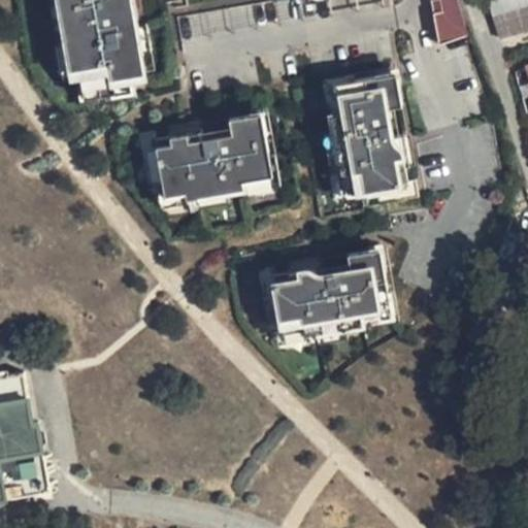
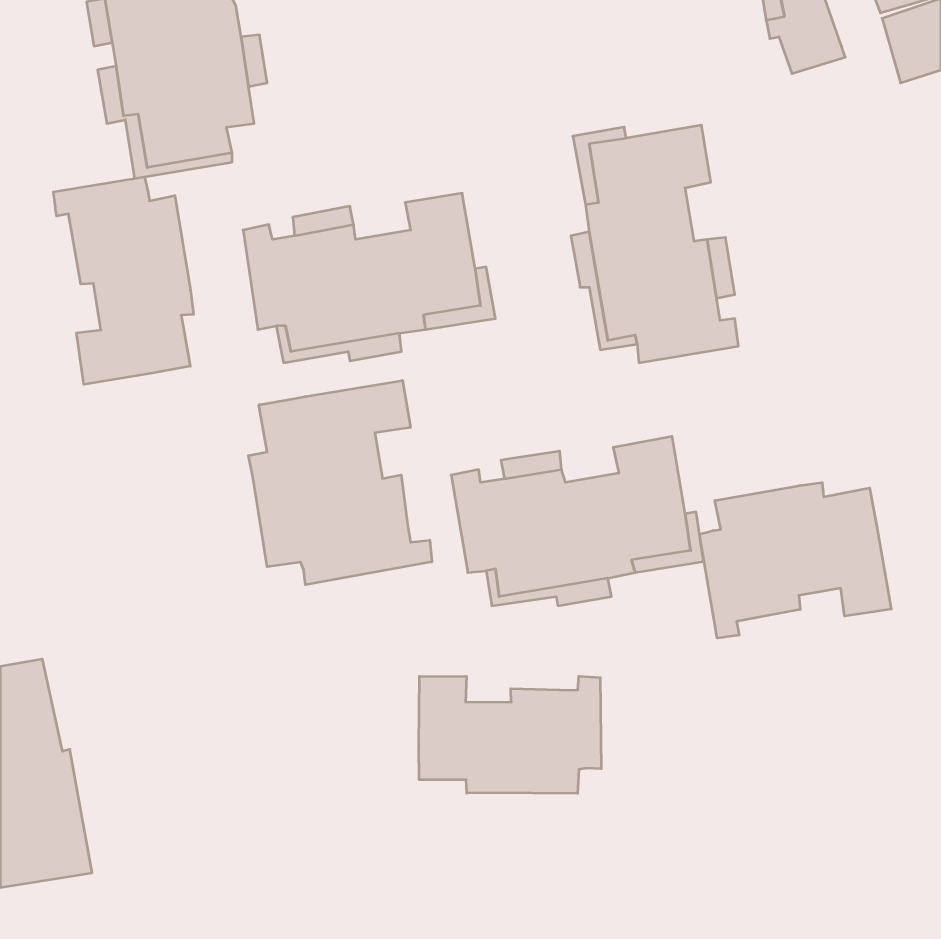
building: none -> [53,177,194,384]
building: none -> [248,380,432,585]
building: none -> [699,483,891,638]
building: none -> [419,676,601,793]

